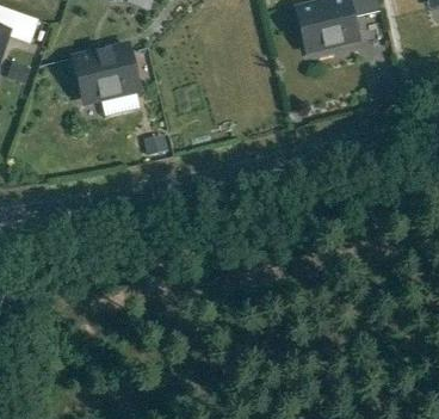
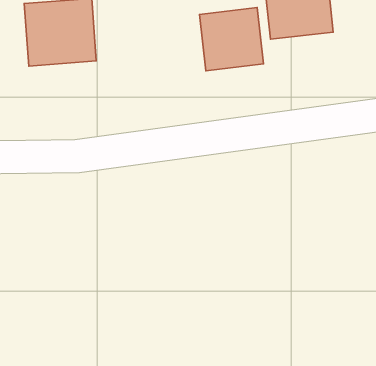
building: none -> [200,8,264,71]

